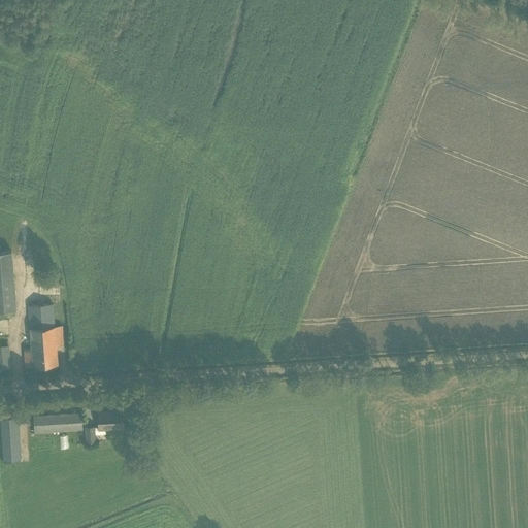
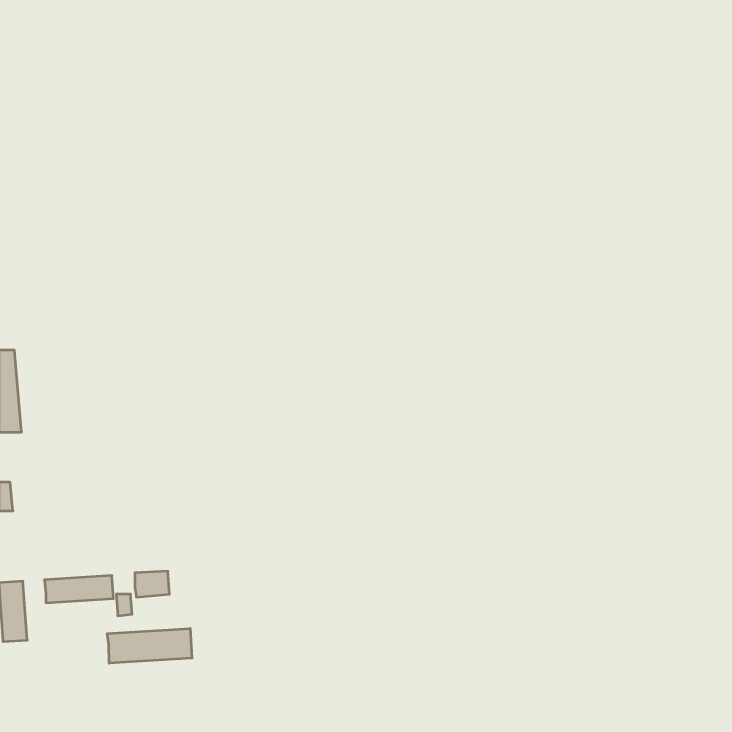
building: [23,304,62,367] -> none
building: none -> [107,628,192,663]

